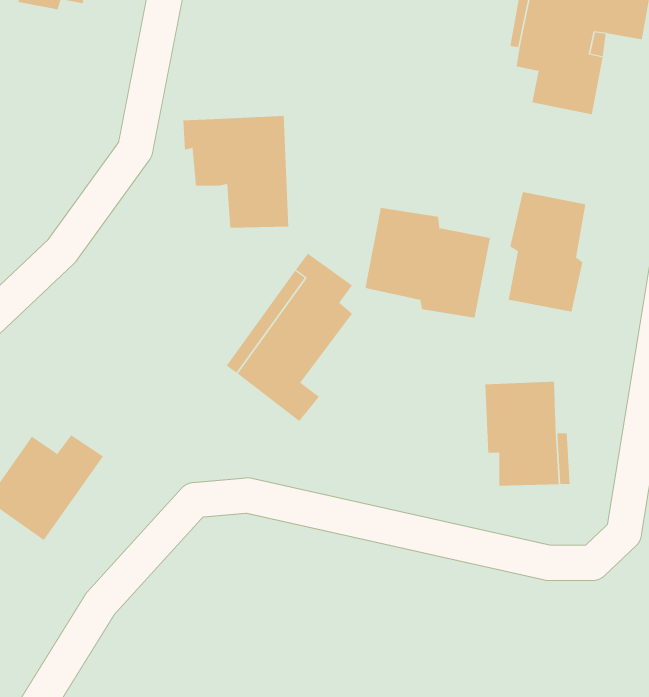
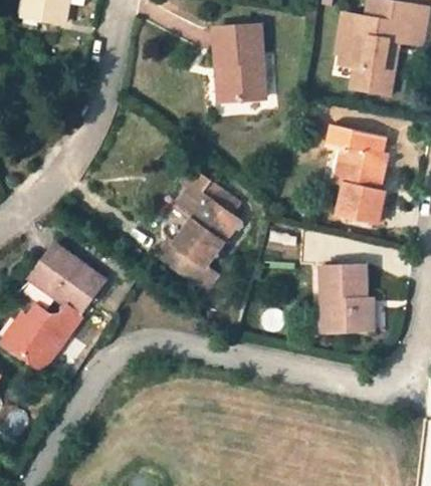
building: [183,116,289,228] -> [194,26,262,98]
building: [365,207,490,319] -> none
building: none -> [29,244,101,312]

